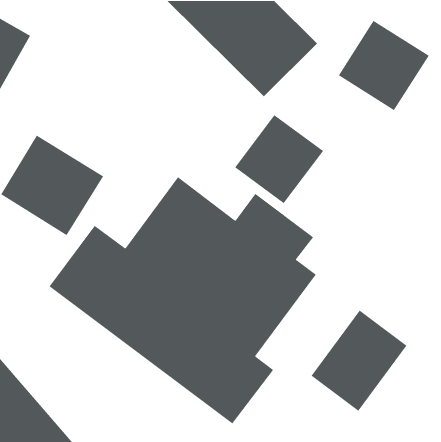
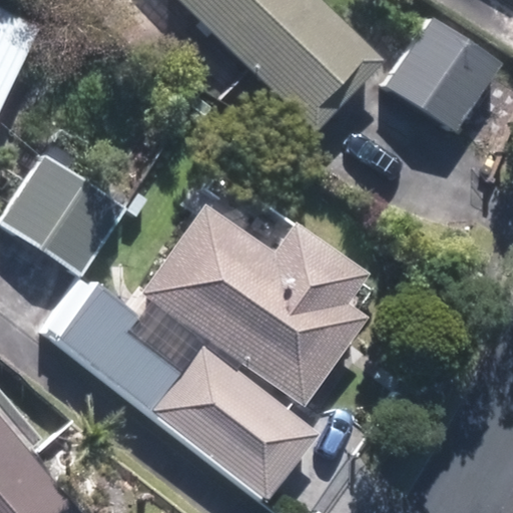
building: [234,114,324,204] -> none
building: [310,310,408,412] -> none

